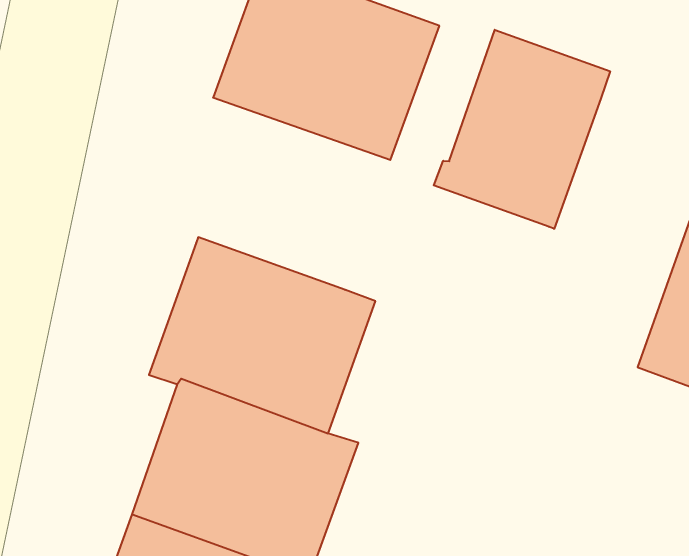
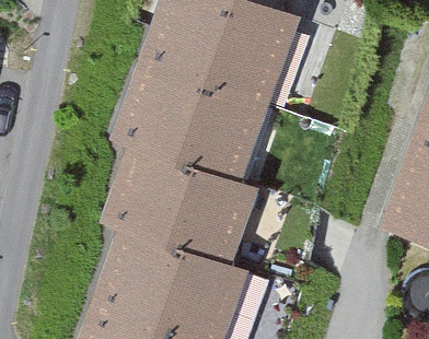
building: [434,30,610,229] -> none
building: none -> [124,69,254,180]

